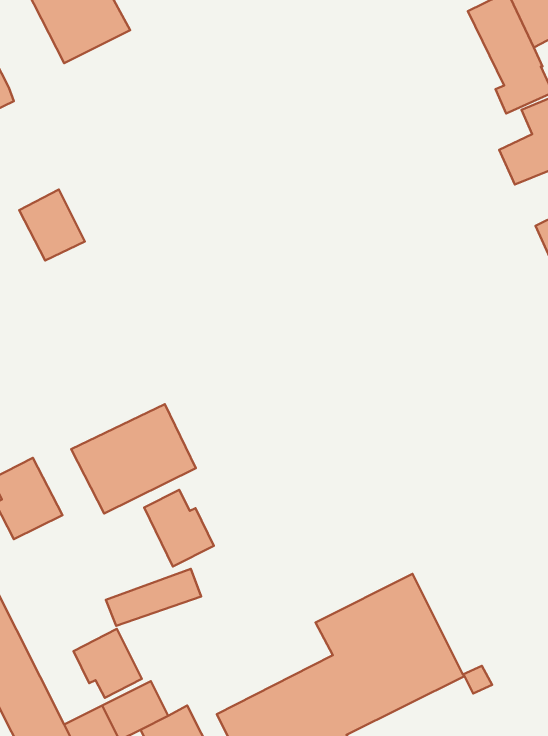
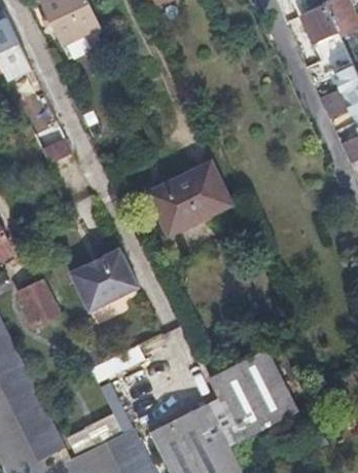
building: none -> [147,163,228,234]
building: [144,490,214,566] -> none
building: [74,629,142,698] -> none

